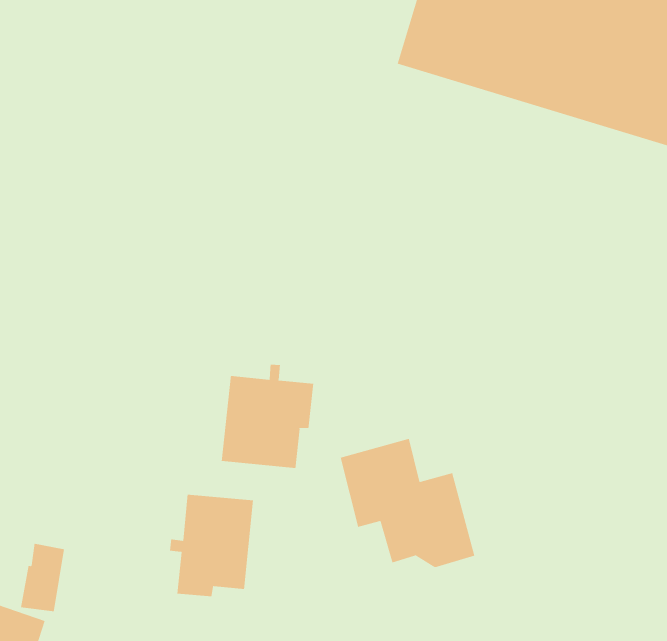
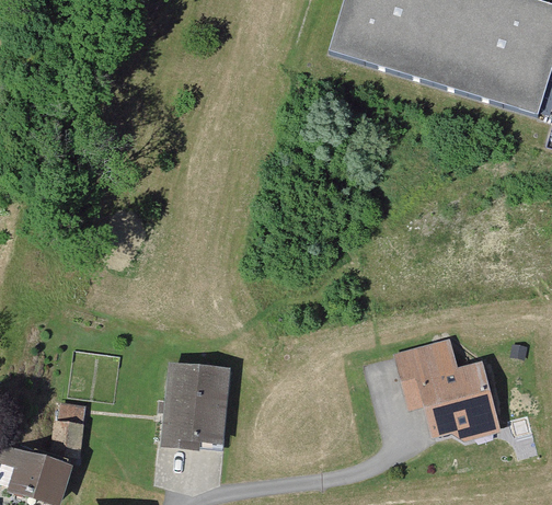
building: [221,364,314,469] -> none
building: [340,438,475,568] -> [398,340,497,435]

